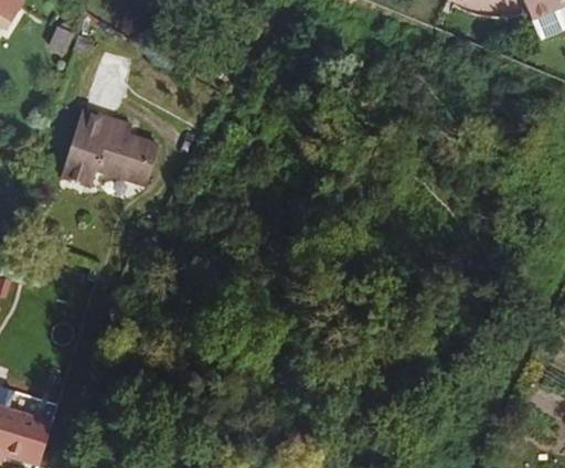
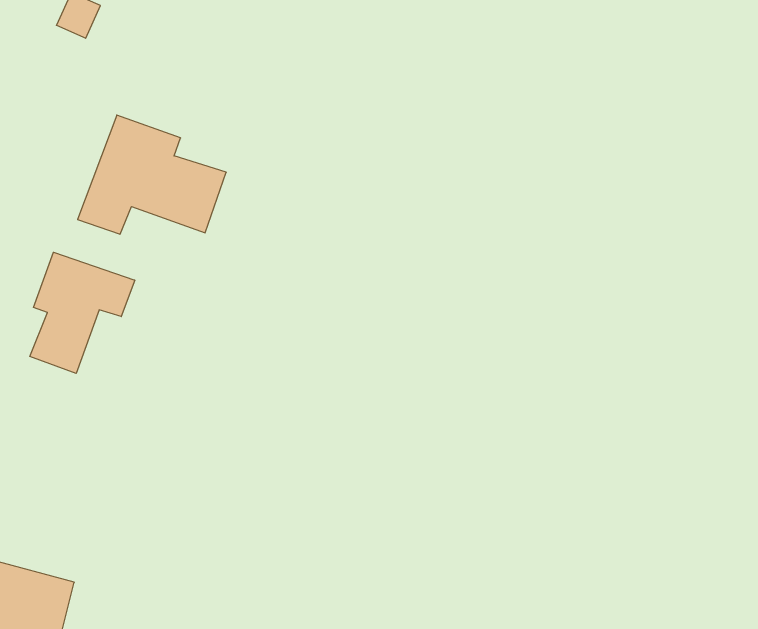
building: none -> [30,252,135,373]

